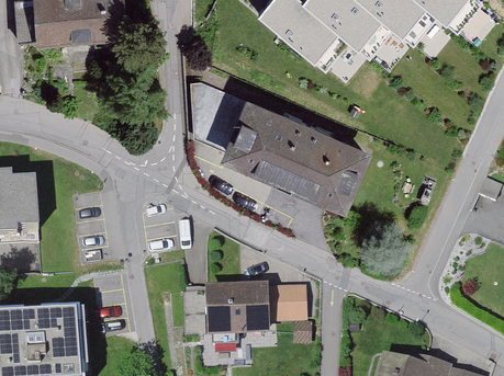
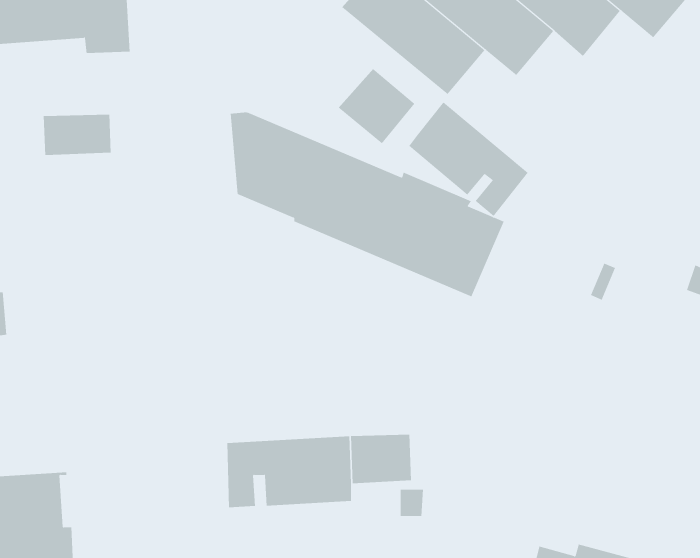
building: none -> [338,68,415,144]
building: none -> [408,102,528,217]
building: none -> [43,114,111,156]

